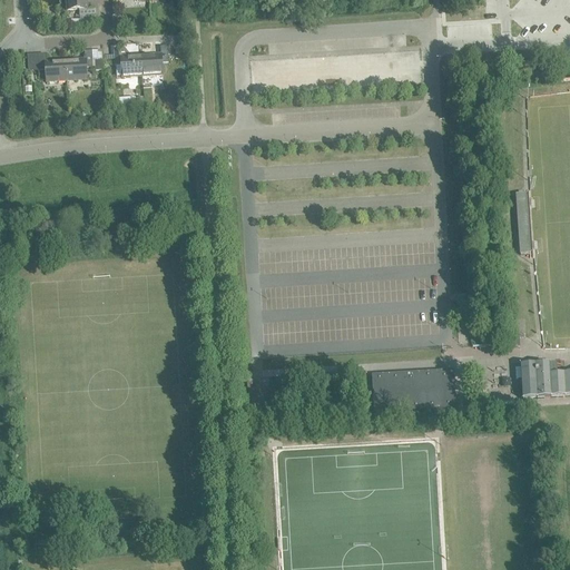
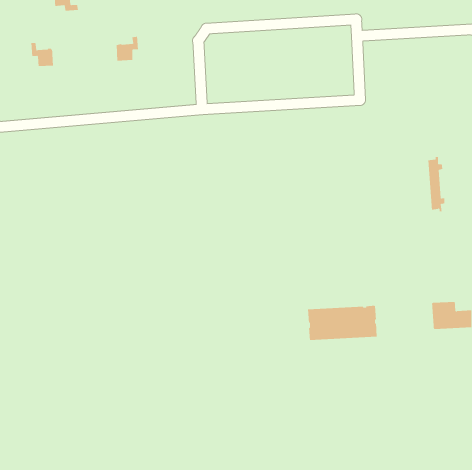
building: [111,47,140,75] -> none
building: [63,48,91,79] -> none

